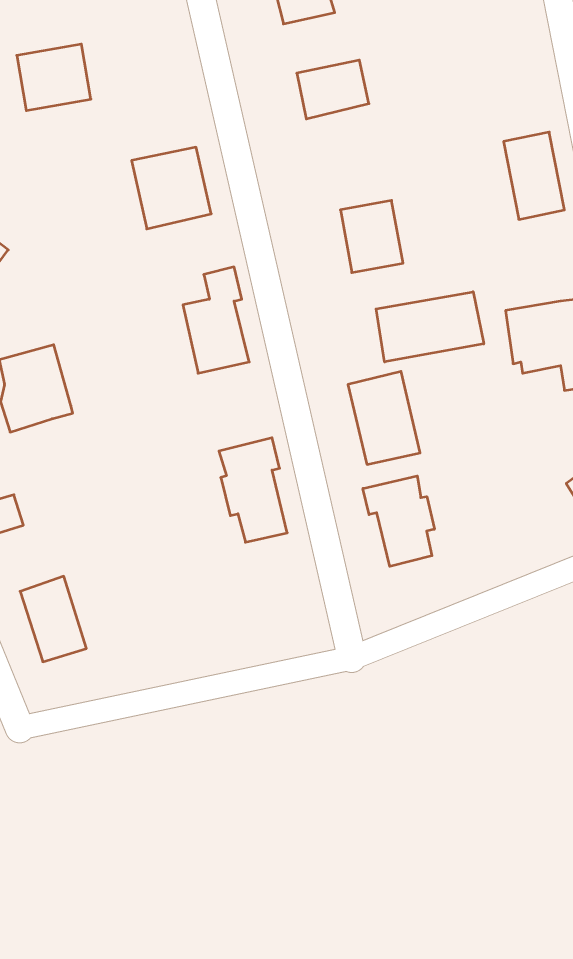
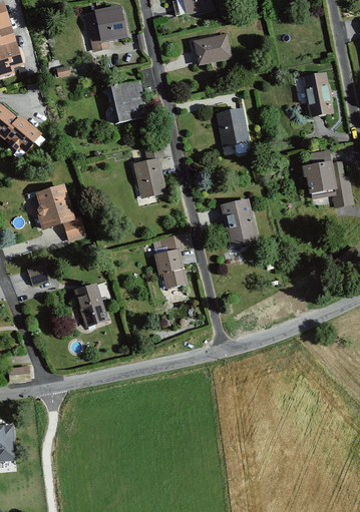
building: [17,44,91,111] -> [86,10,125,45]
building: [376,292,484,362] -> none
building: none -> [63,213,86,240]
building: [363,476,434,566] -> none
building: [20,576,86,662] -> [73,282,108,327]

